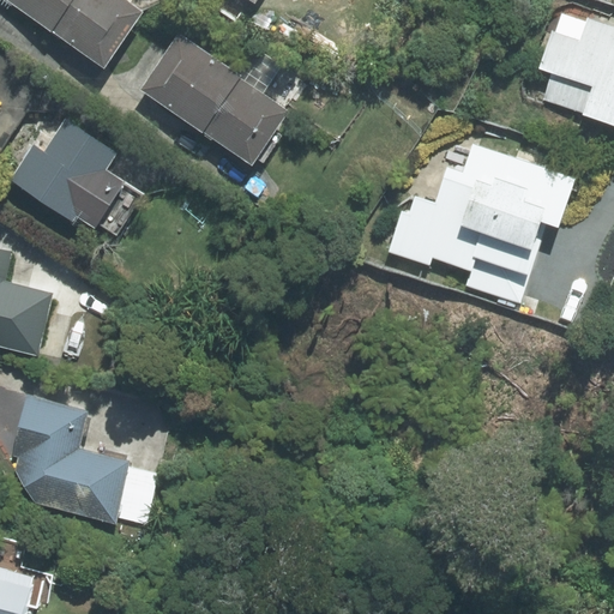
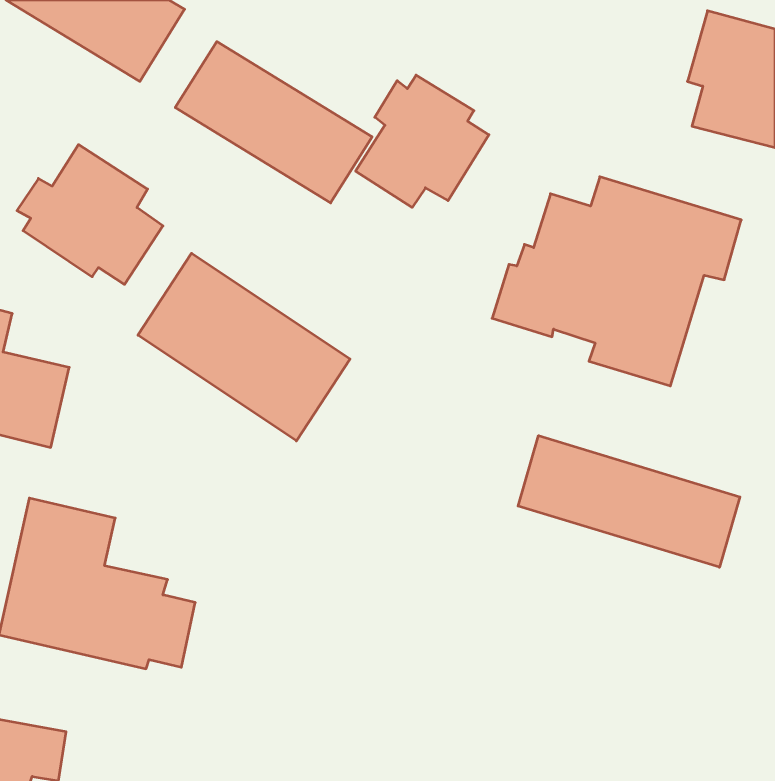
building: none -> [356,75,489,207]
building: none -> [138,253,350,441]
building: none -> [518,436,740,567]

